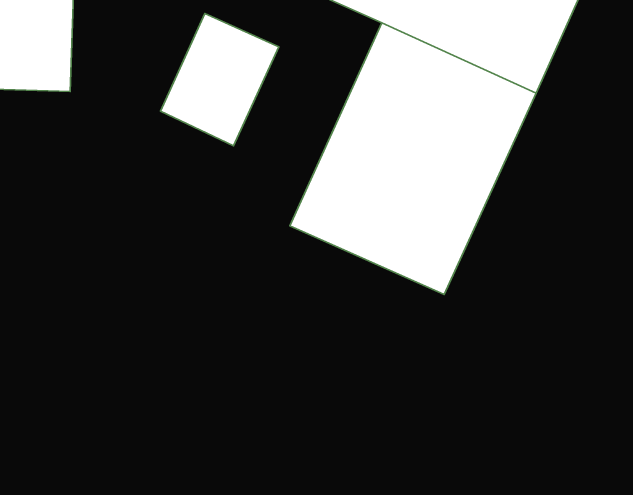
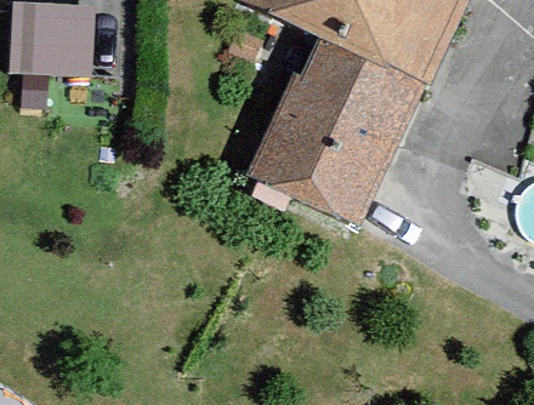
building: [160,14,279,146] -> none

